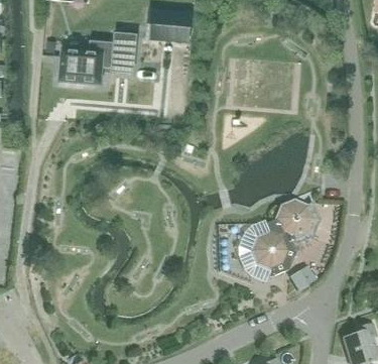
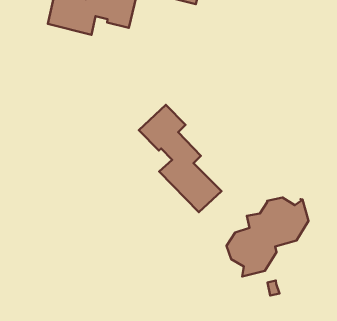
building: none -> [139,105,221,212]

